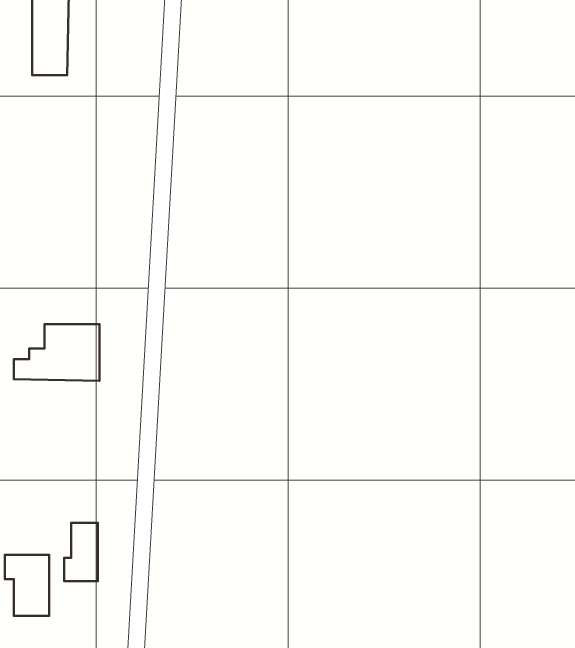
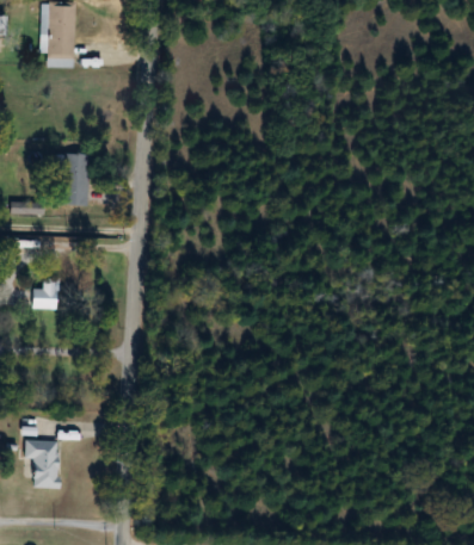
building: none -> [62,155,88,206]
building: [64,523,98,581] -> none

